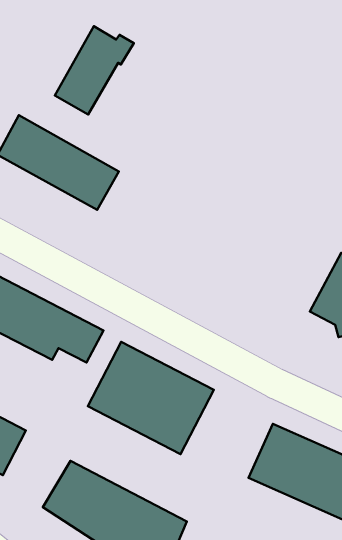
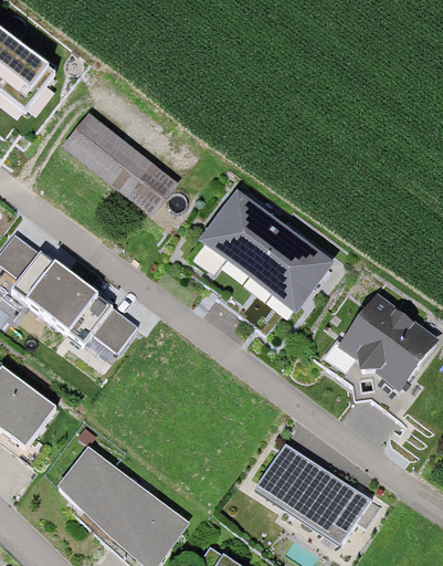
building: [55,26,134,114] -> none
building: none -> [201,193,329,308]
building: [88,342,214,454] -> none

